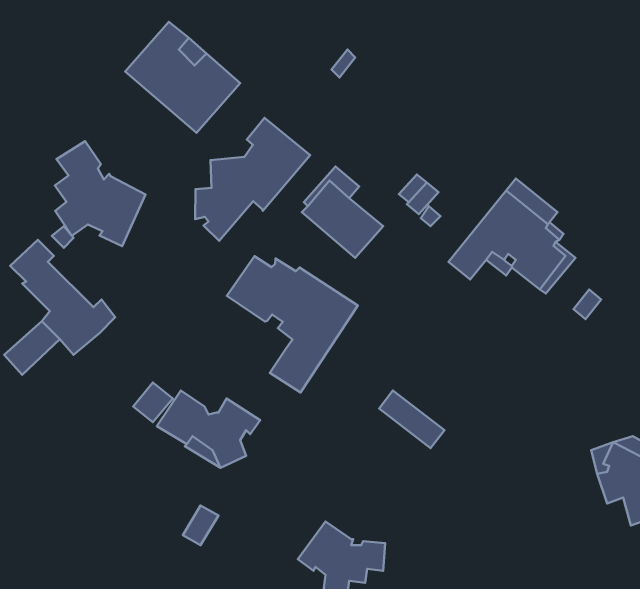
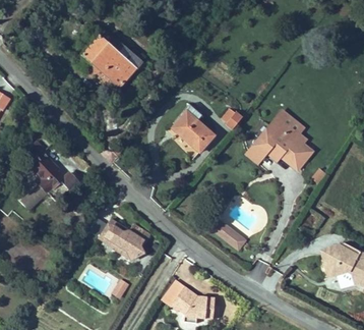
building: [195,118,310,241] -> none
building: [55,141,146,246] -> none
building: [227,256,358,393] -> none

